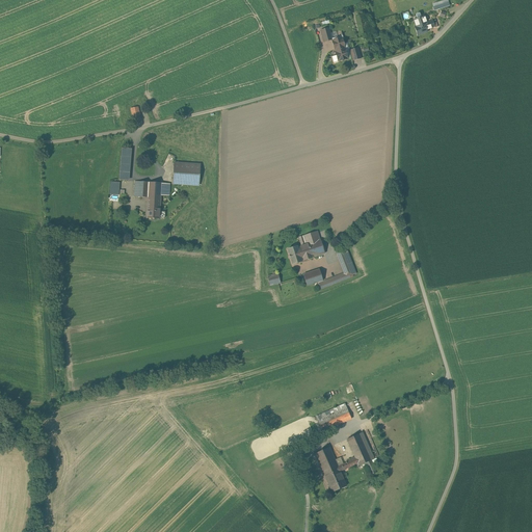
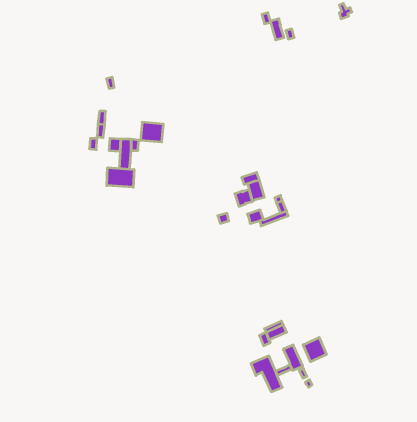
building: none -> [107,168,134,187]
building: none -> [303,337,326,362]

